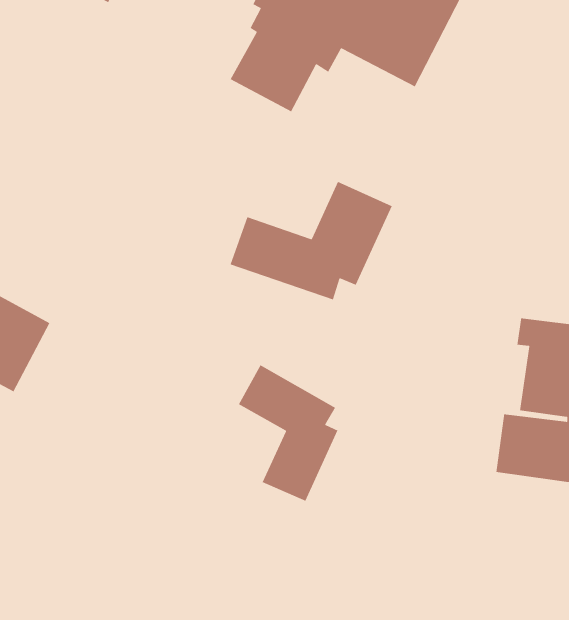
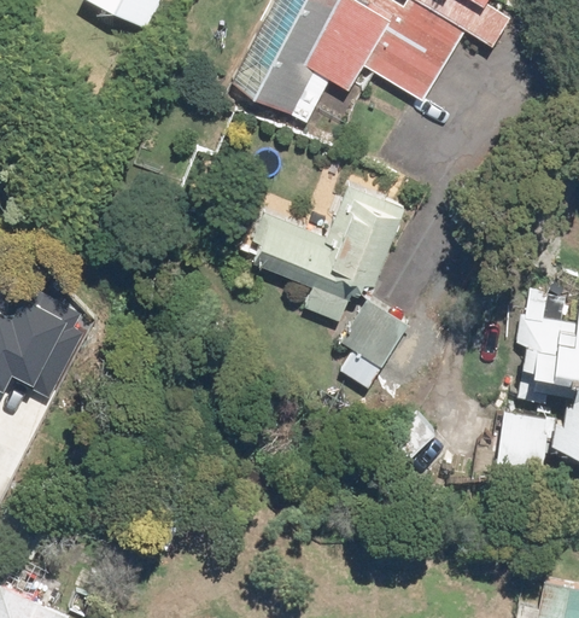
building: none -> [341,307,402,368]
building: [238,364,338,502] -> none

